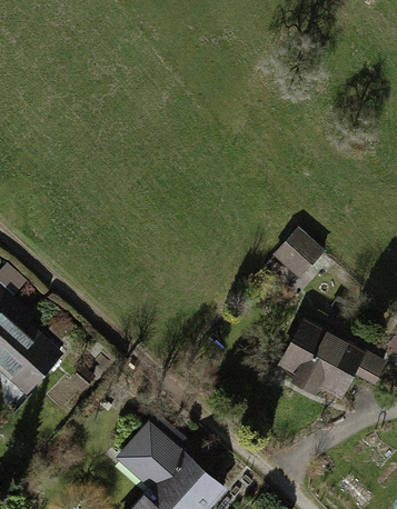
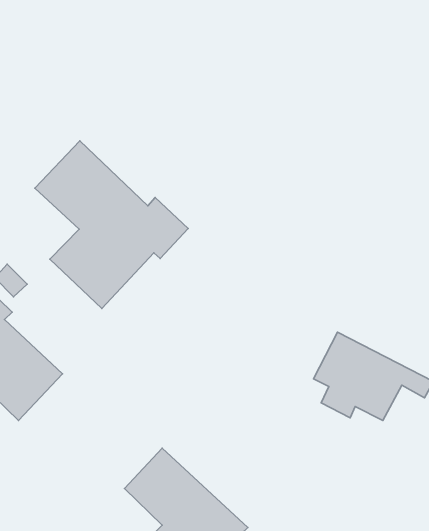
building: none -> [35,141,188,308]
building: [272,227,325,279] -> none

